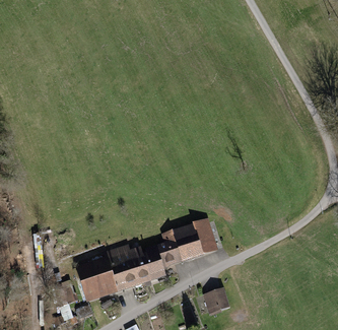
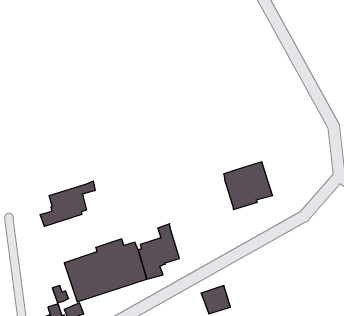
building: none -> [40,181,95,226]
building: [173,217,218,262] -> [224,162,273,210]

